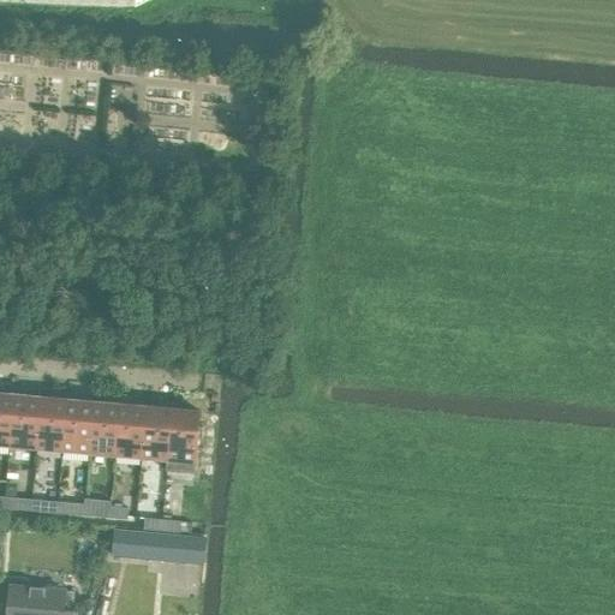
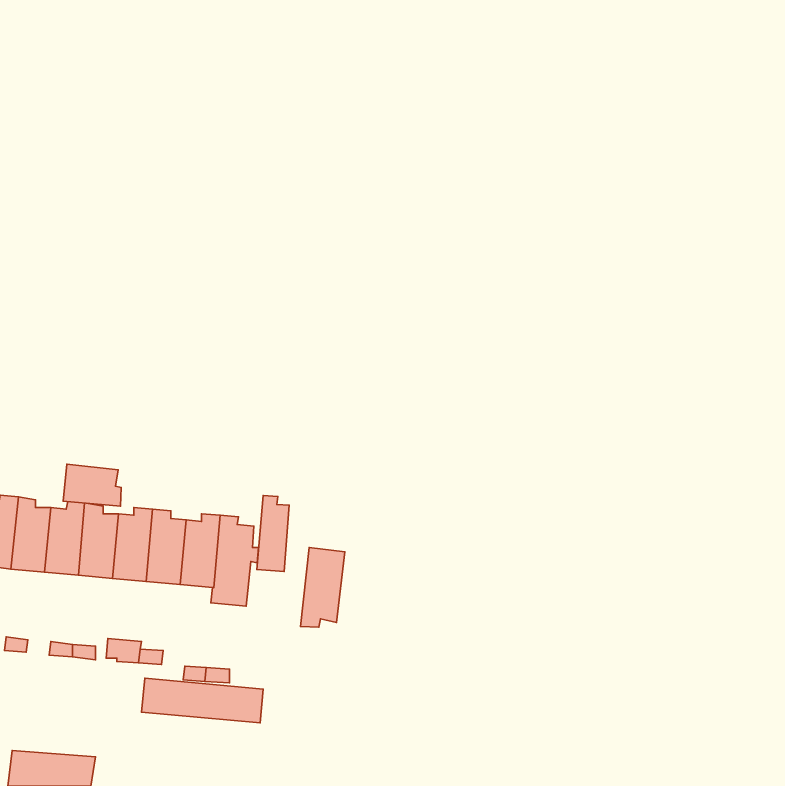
building: none -> [63,464,121,506]
building: none -> [257,495,289,572]
building: none -> [301,547,345,627]

